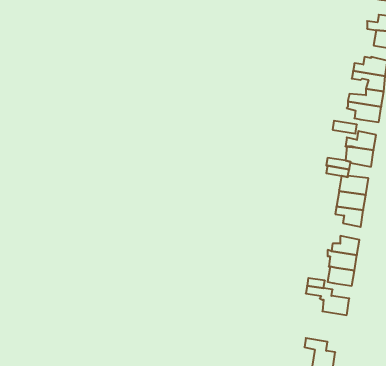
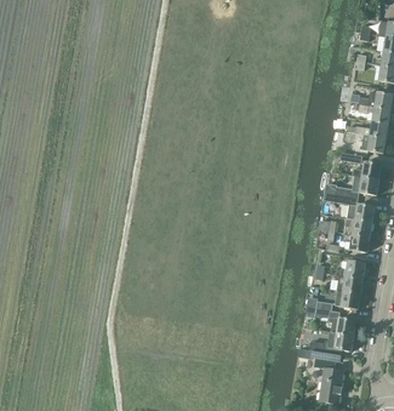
building: none -> [309,332,354,355]

